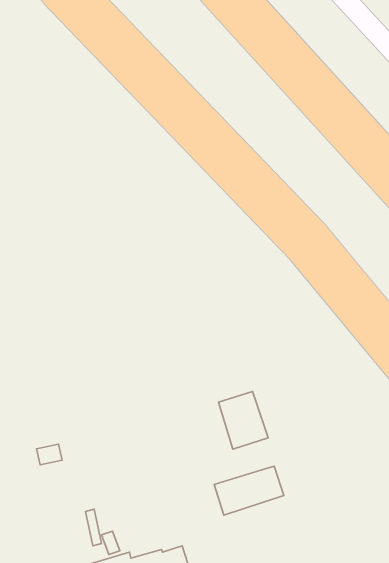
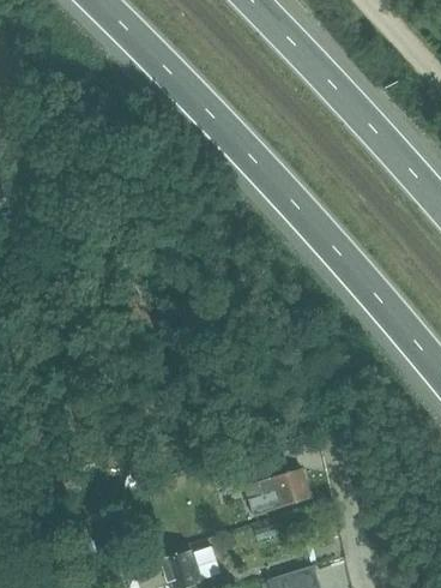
building: [218,392,268,449] -> none

